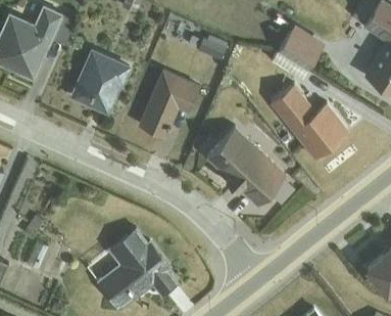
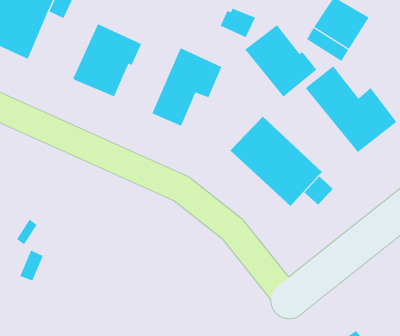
building: none -> [245,24,317,97]
building: [98,226,178,308] -> none

